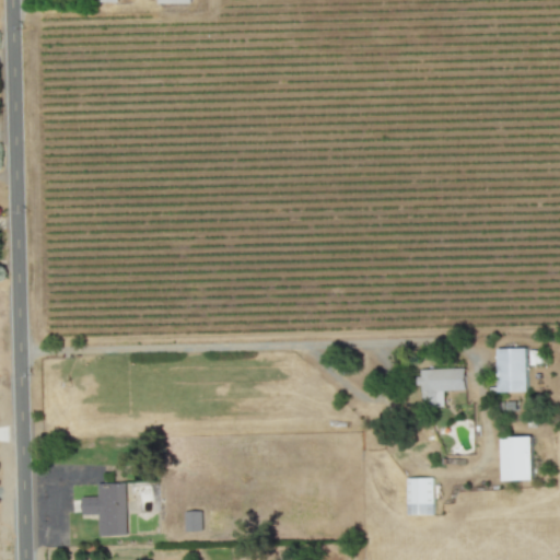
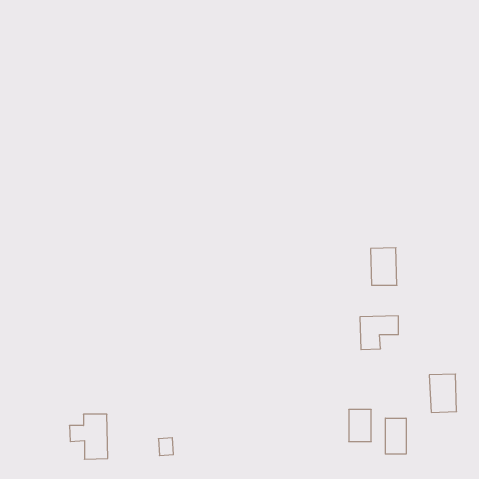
building: [497,348,527,392] -> [371,248,397,285]
building: none -> [385,418,406,454]

